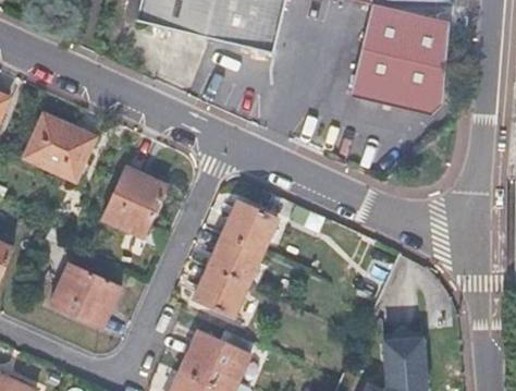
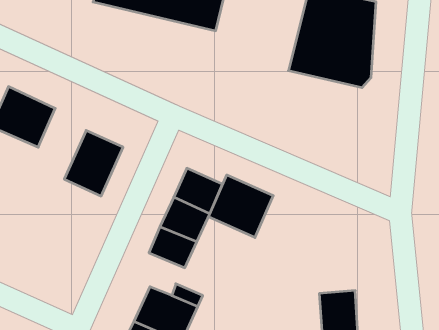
building: none -> [208,175,273,238]
building: [51,269,121,332] -> none

